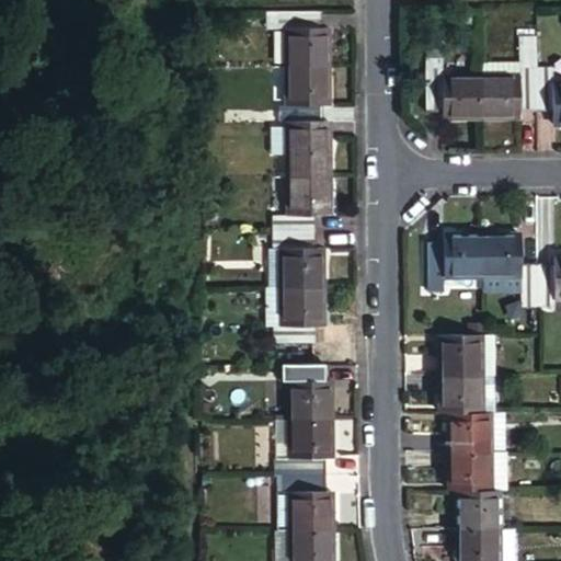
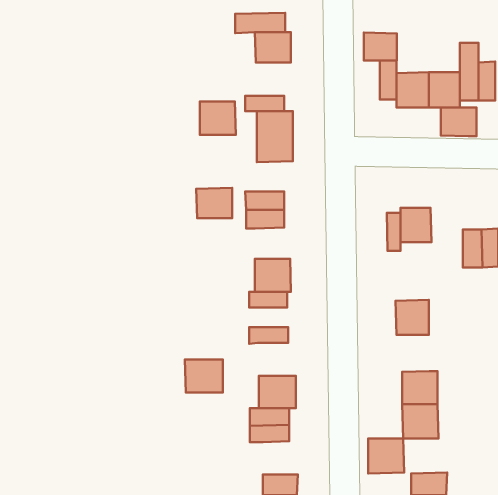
building: none -> [364,33,397,61]
building: [287,70,328,107] -> [200,102,236,135]
building: none -> [441,107,476,136]
building: [288,181,329,215] -> [196,188,232,218]
building: [483,232,519,272] -> none
building: [286,255,325,290] -> none
building: [445,376,482,417] -> none
building: [289,385,332,422] -> [185,359,223,393]
building: [461,492,502,531] -> [368,438,404,474]
building: [295,495,334,533] -> none

